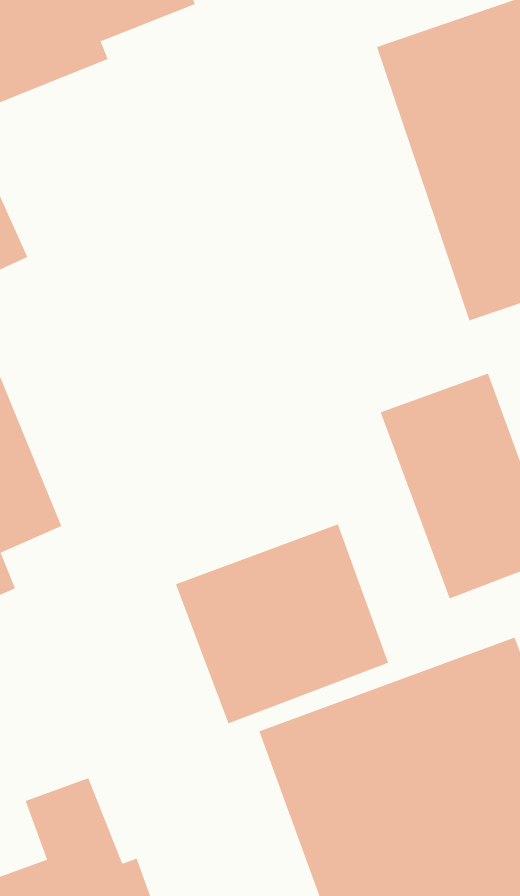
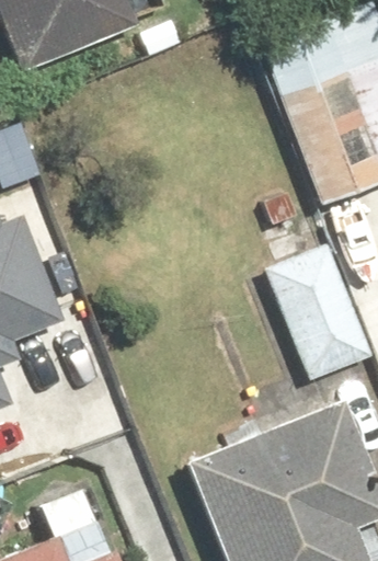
building: [175,523,389,724] -> none

